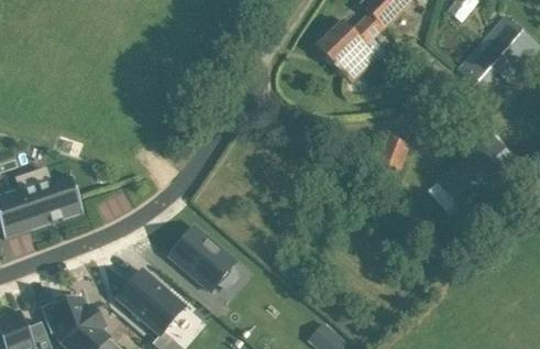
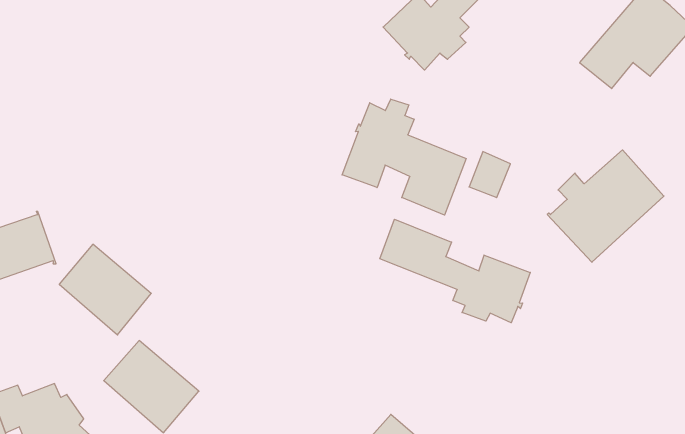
building: none -> [342,99,466,215]
building: none -> [380,219,530,323]
building: [170,227,236,292] -> [59,244,151,335]

